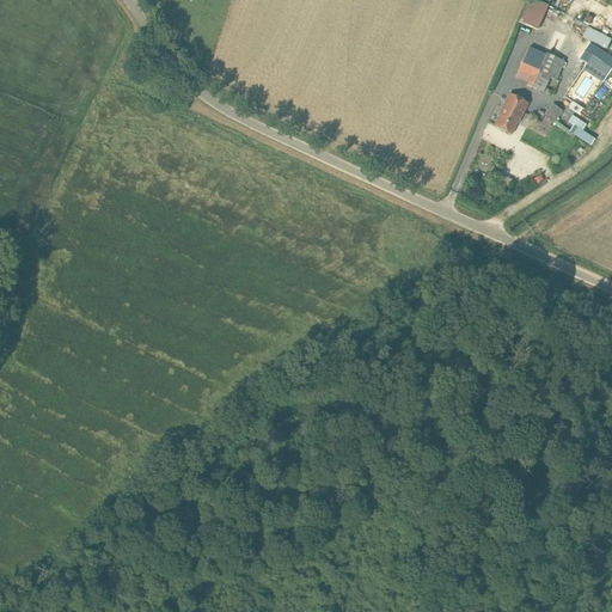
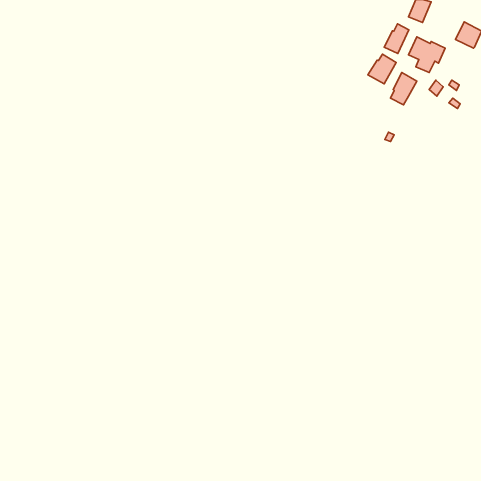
building: none -> [384,24,409,54]
building: none -> [368,54,396,84]

